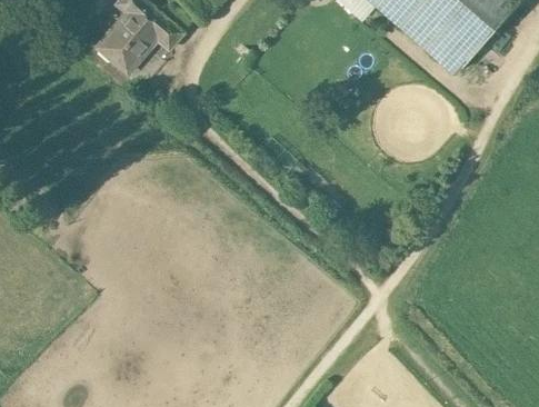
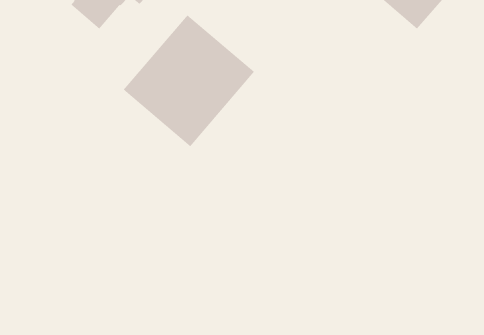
building: none -> [123,14,255,147]

